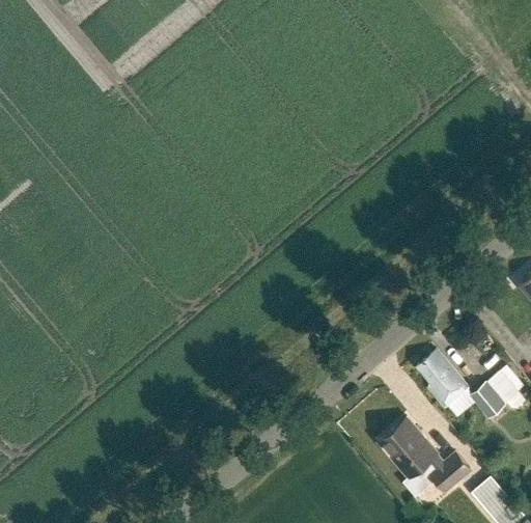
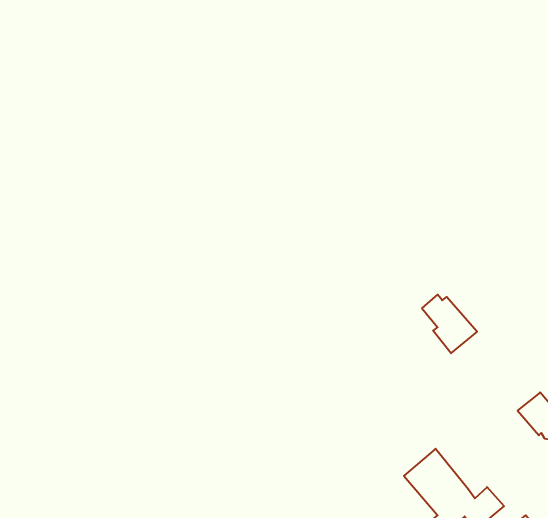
building: [418,353,469,407] -> [422,295,477,353]
building: [468,382,503,418] -> none

